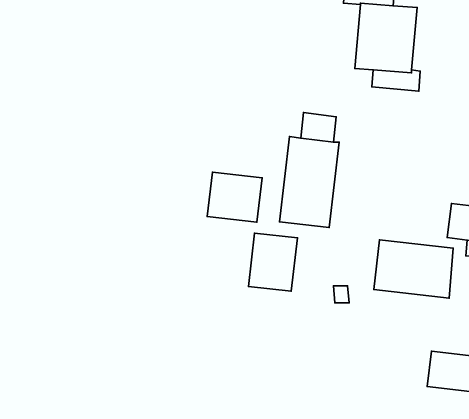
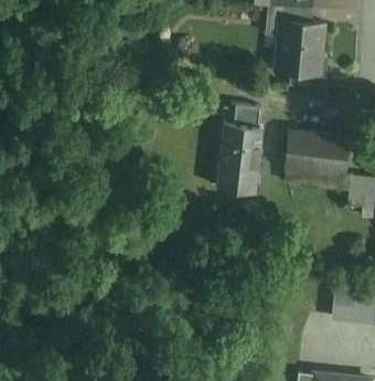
building: [207,172,262,222] -> none
building: [248,233,298,291] -> none
building: [374,240,453,298] -> [286,133,347,178]

